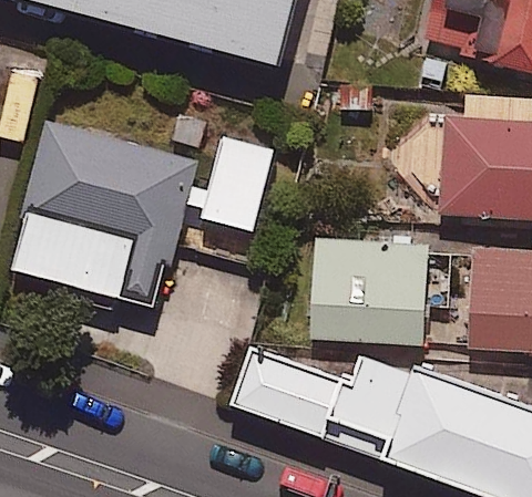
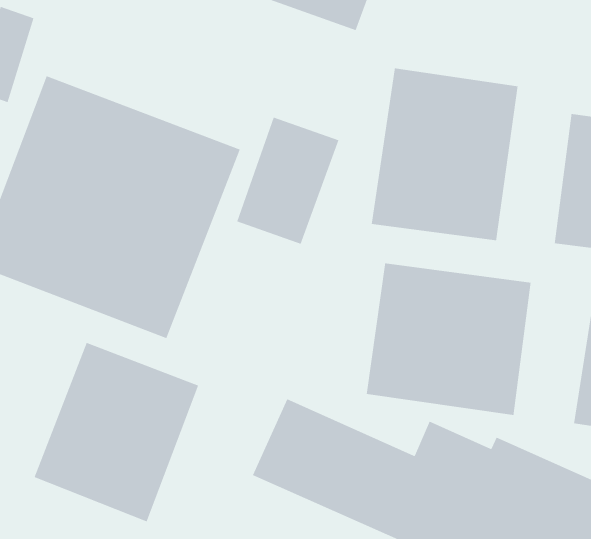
building: none -> [371,68,518,241]
building: none -> [34,342,199,522]

